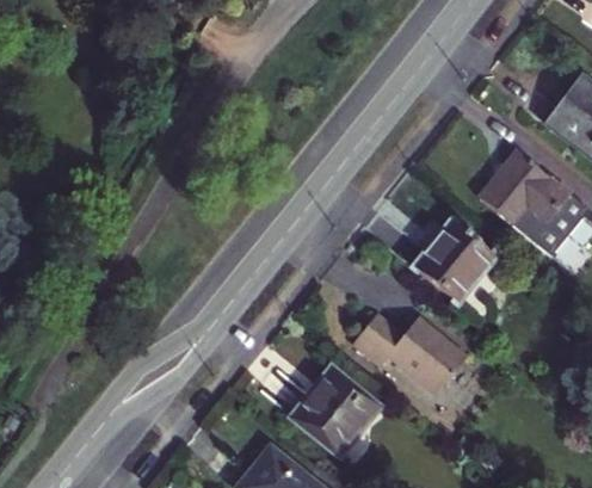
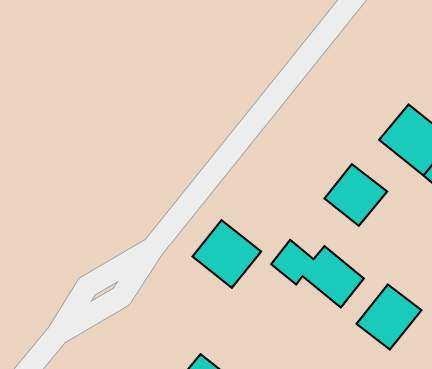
building: none -> [356,284,421,350]
building: [295,371,376,451] -> [192,220,261,288]

